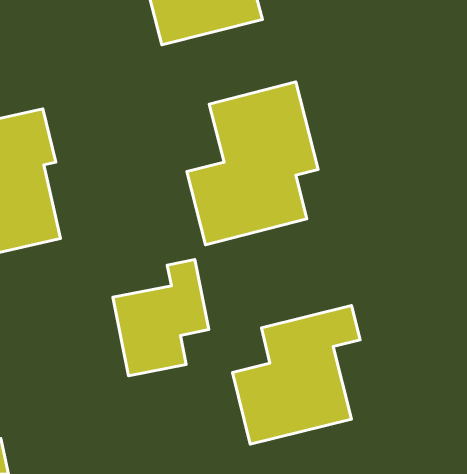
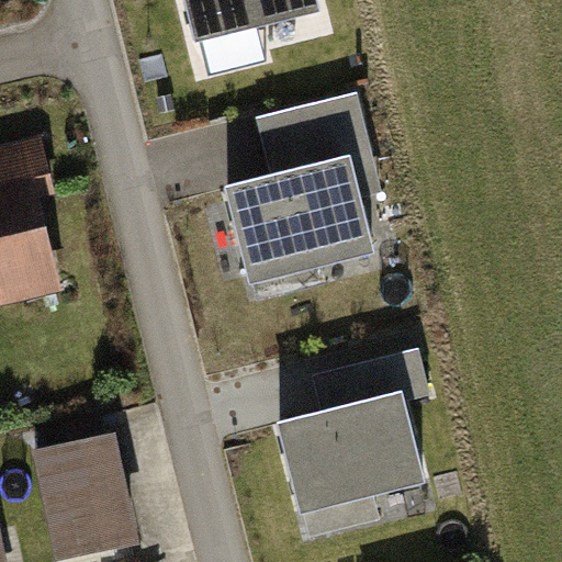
building: [113,259,209,376] -> none
building: none -> [41,431,147,553]

